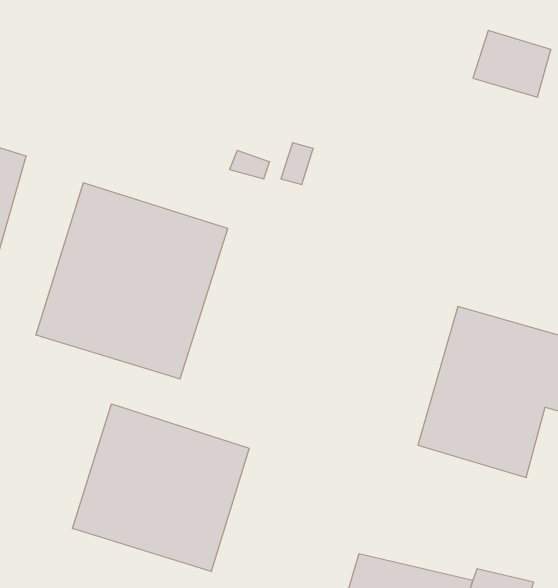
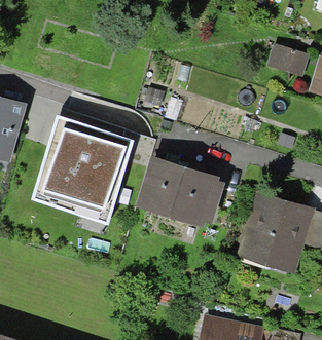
building: none -> [121,141,226,223]
building: [73,404,249,572] -> none

